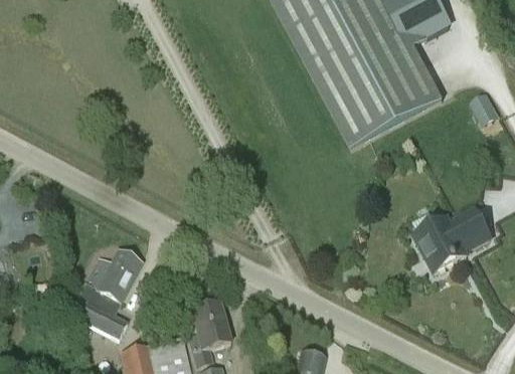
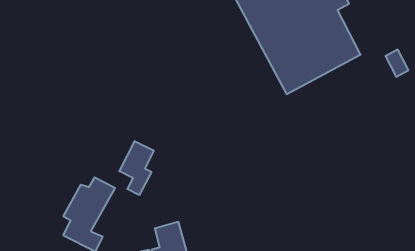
building: none -> [119,141,154,195]
building: [414,203,495,269] -> none

